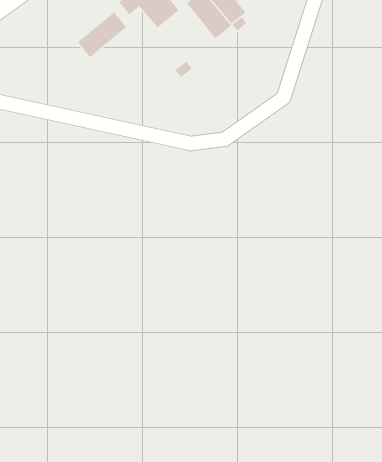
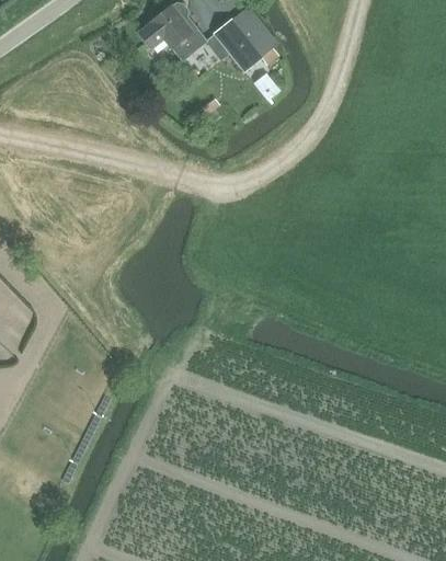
building: [77,11,127,58] -> none

